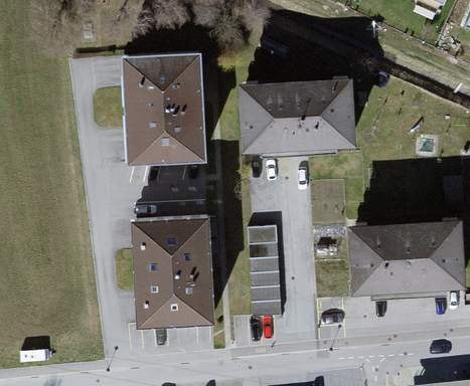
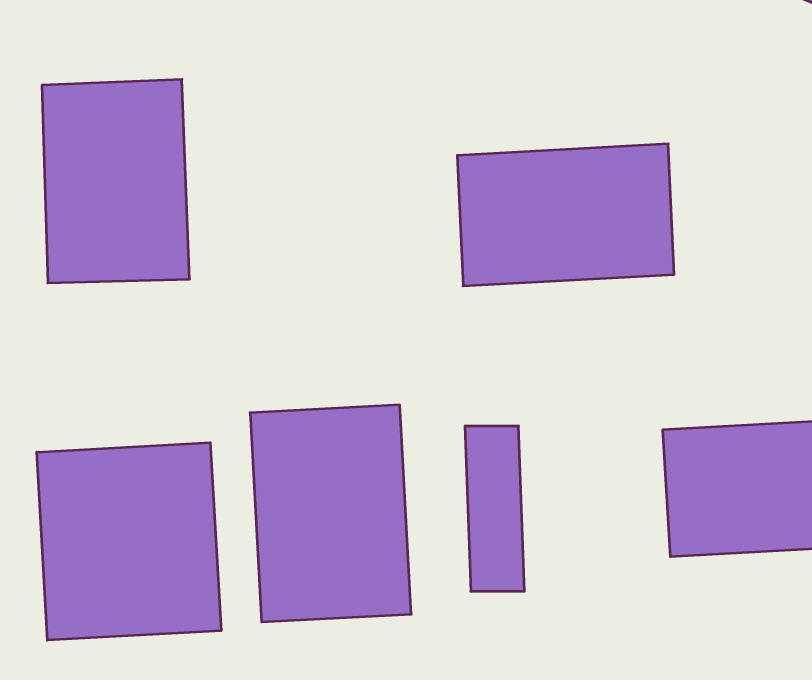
building: [128,52,205,159] -> [42,79,190,283]
building: none -> [37,443,221,640]

